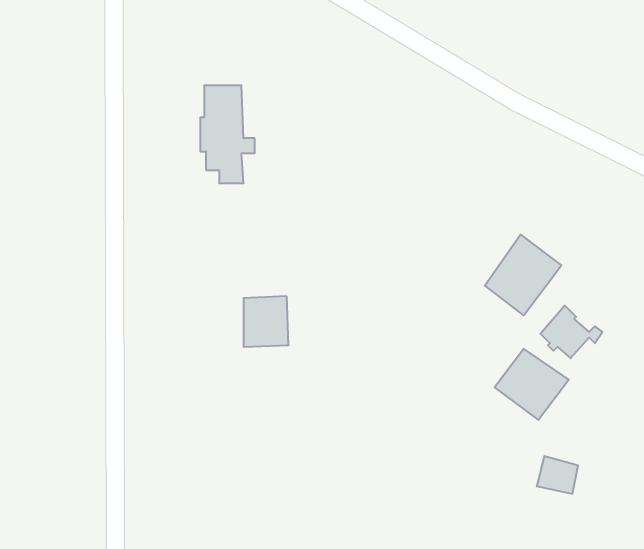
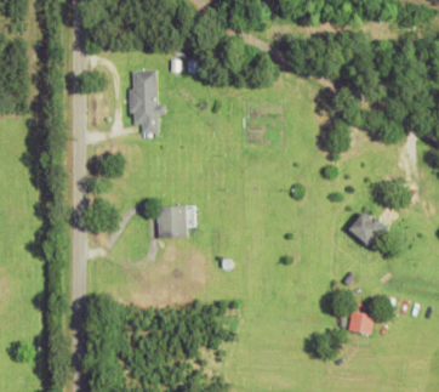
building: [485,234,561,315] -> none
building: [495,349,569,420] -> none

